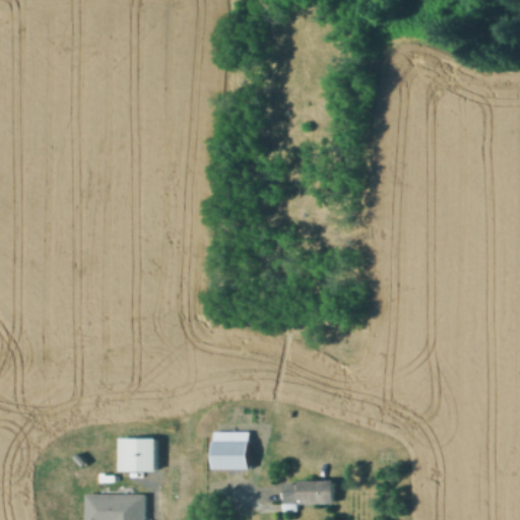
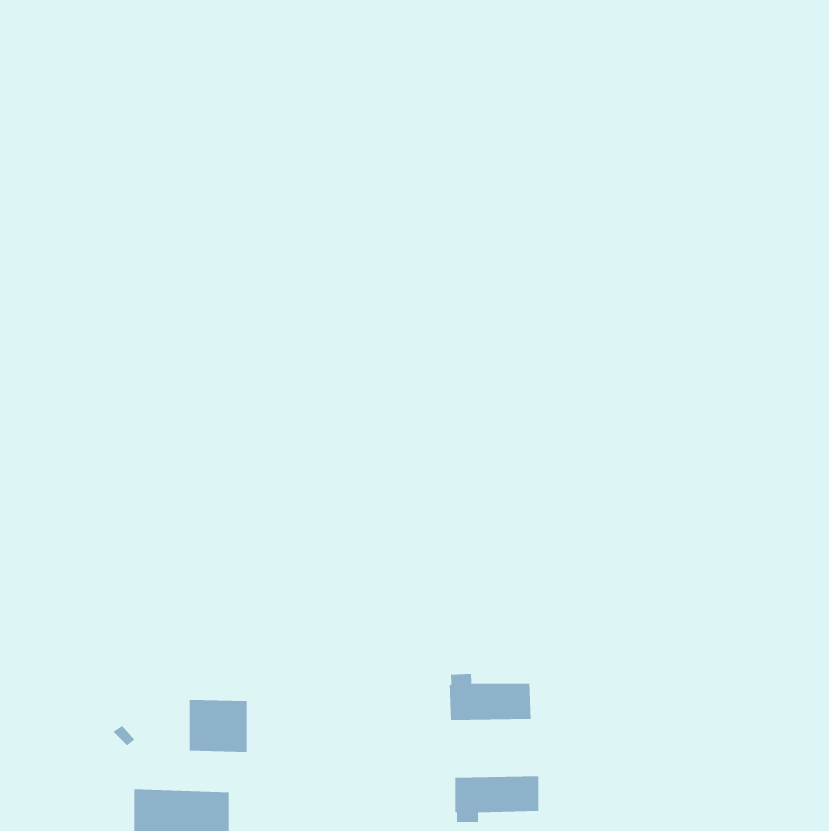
building: none -> [449,673,532,721]
building: [212,431,249,468] -> none

